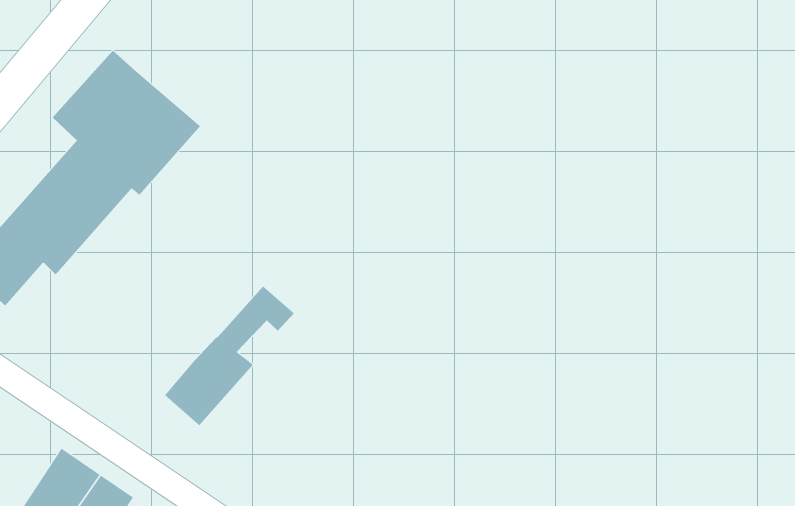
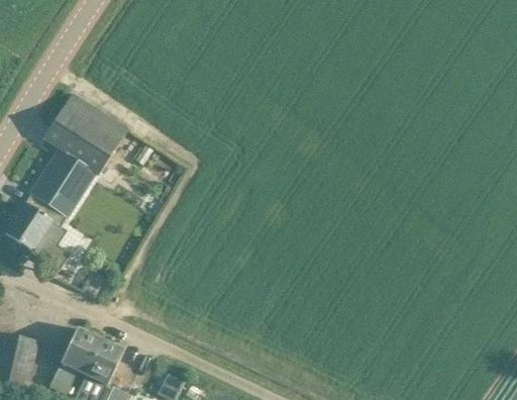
building: [164,285,295,426] -> none

